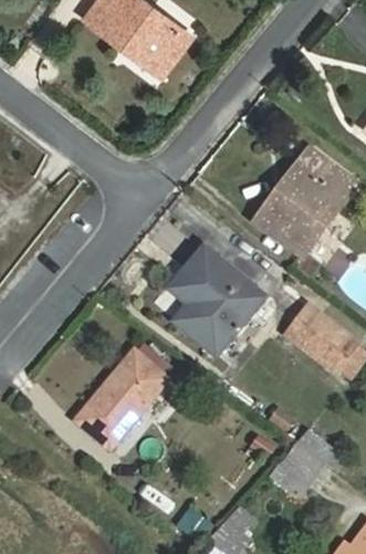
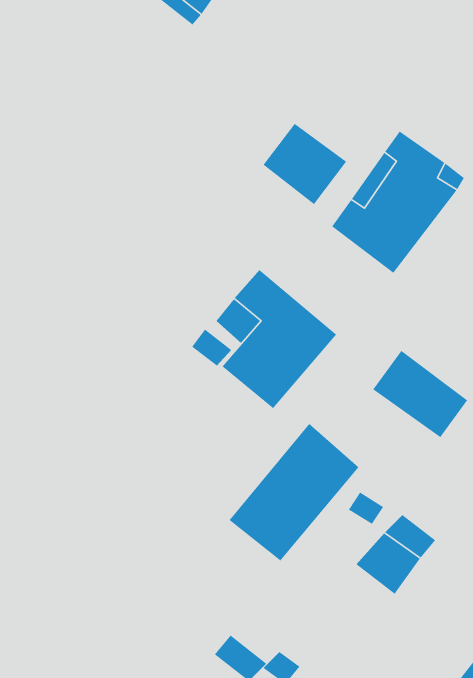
building: none -> [263,123,347,205]
building: [74,347,169,448] -> [229,423,359,561]

